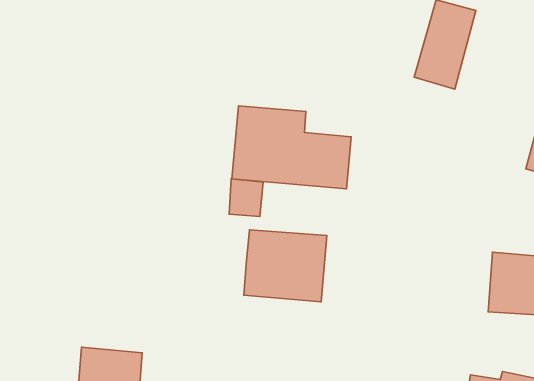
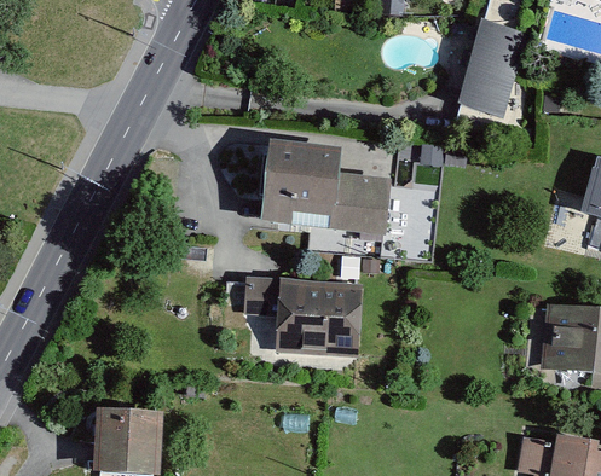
building: [229,179,263,217] -> [242,274,279,315]

